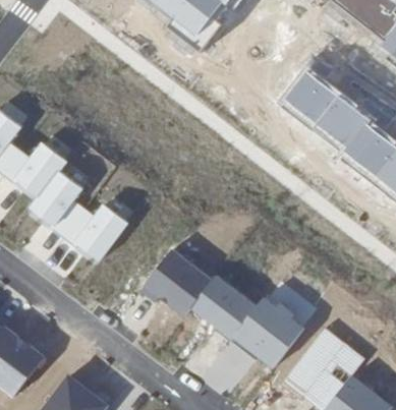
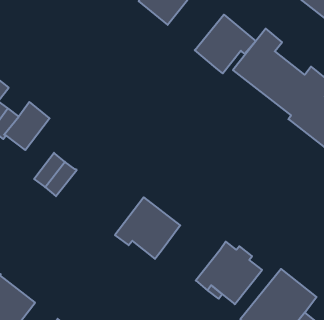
building: none -> [195,15,256,73]
building: [30,165,82,220] -> none
building: [76,200,128,256] -> none
building: [191,272,258,338] -> none

